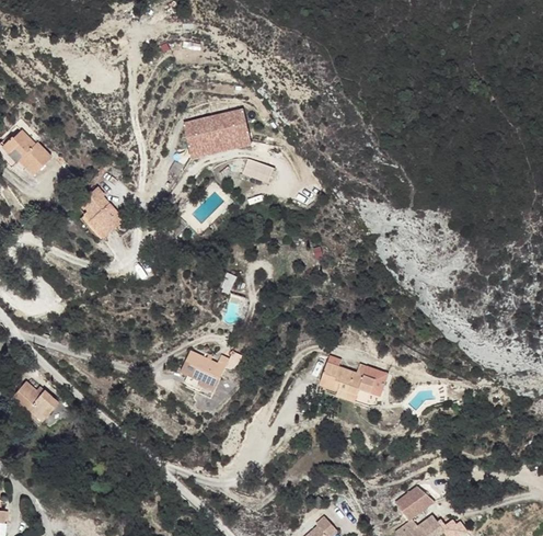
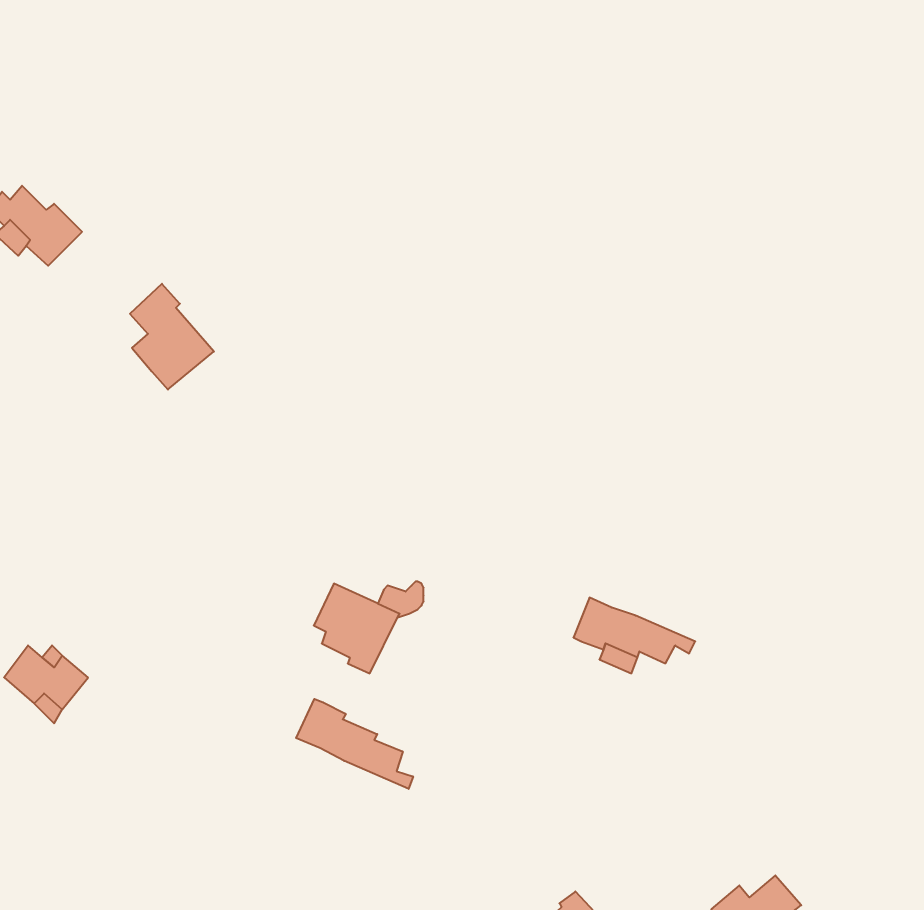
building: [186,104,257,157] -> none
building: [243,156,275,181] -> none
building: none -> [296,699,413,789]
building: [395,484,432,518] -> none

